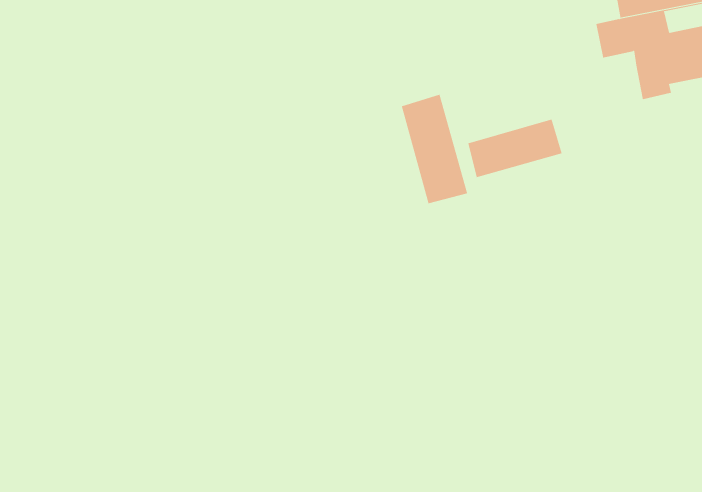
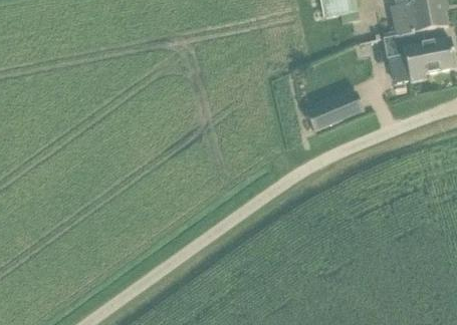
building: [401,94,468,204] -> none

